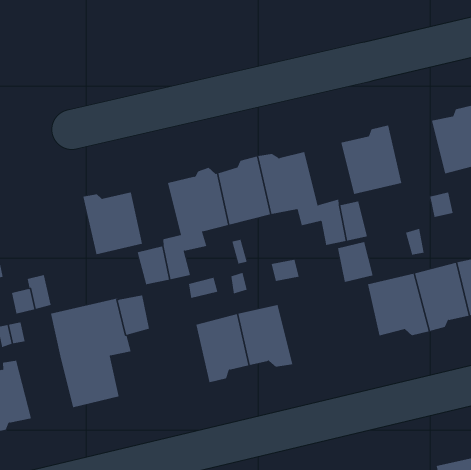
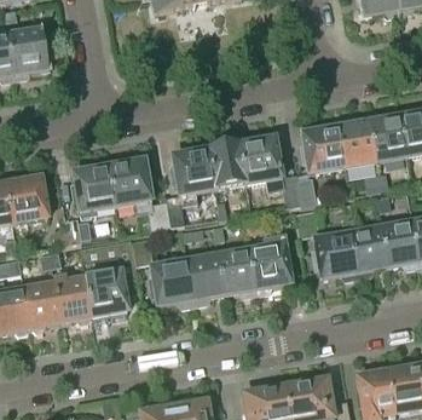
building: none -> [339,120,377,165]
building: none -> [74,160,117,211]
building: none -> [249,242,293,293]
building: none -> [152,259,195,305]
building: none -> [54,275,93,322]

